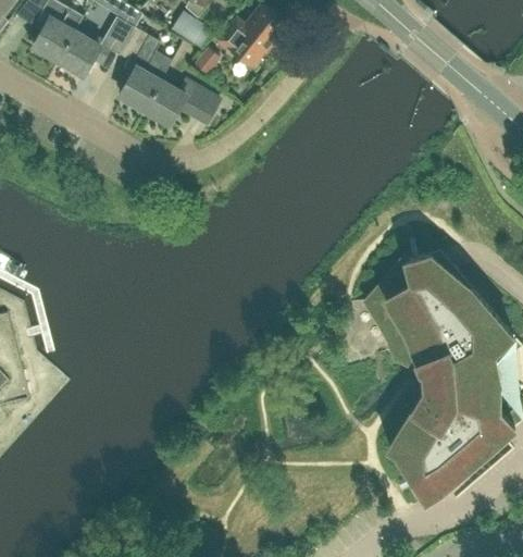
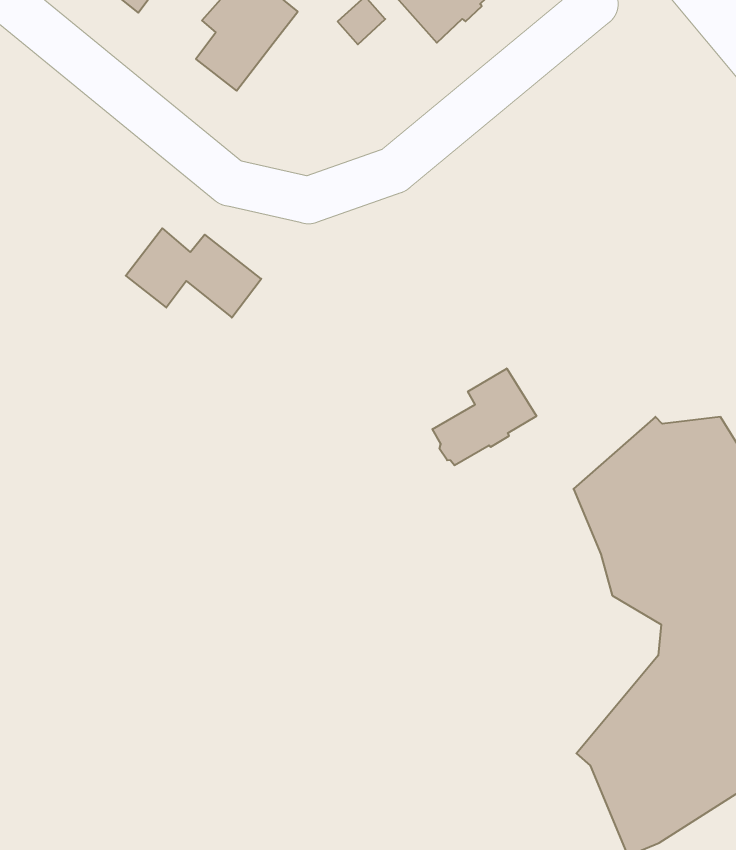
building: [144,83,219,126] -> [126,228,261,318]
building: none -> [432,368,536,465]

